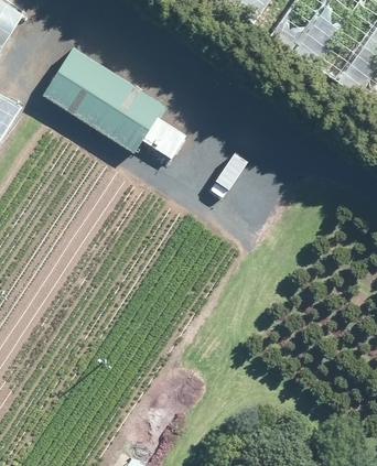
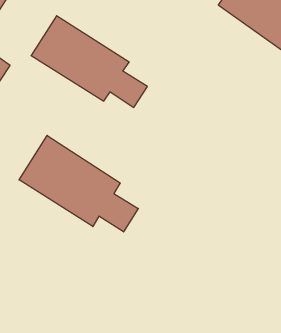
building: none -> [19,135,138,232]

